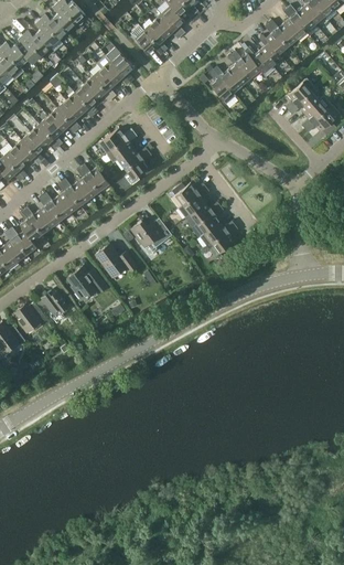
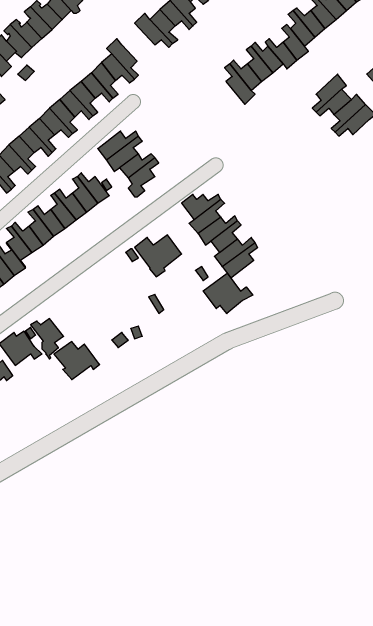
building: [96,245,137,276] -> none
building: none -> [203,273,253,314]
building: [67,267,107,300] -> [54,342,100,380]

